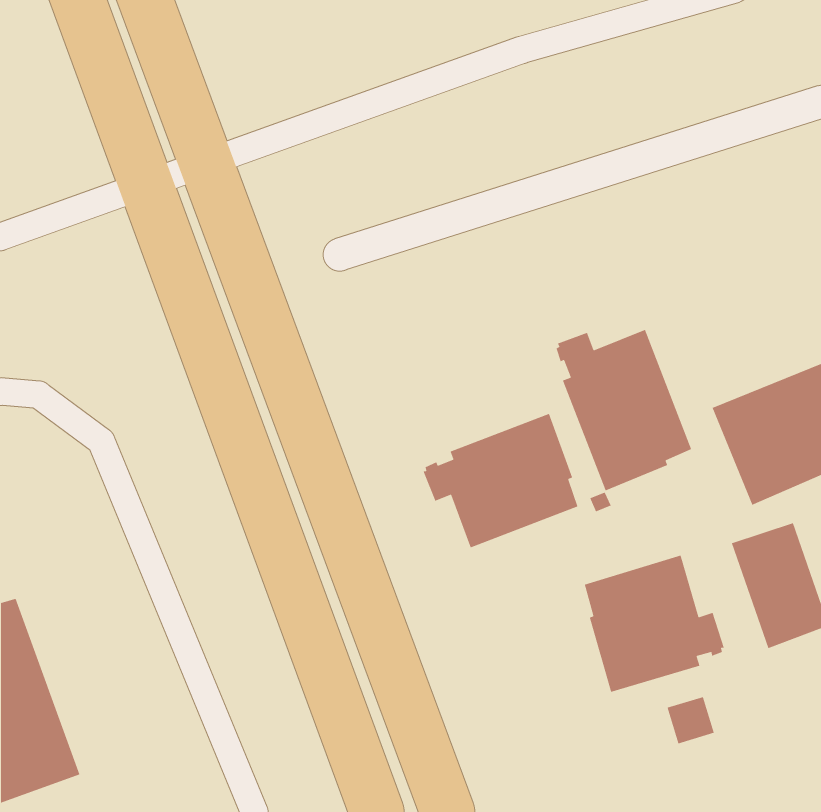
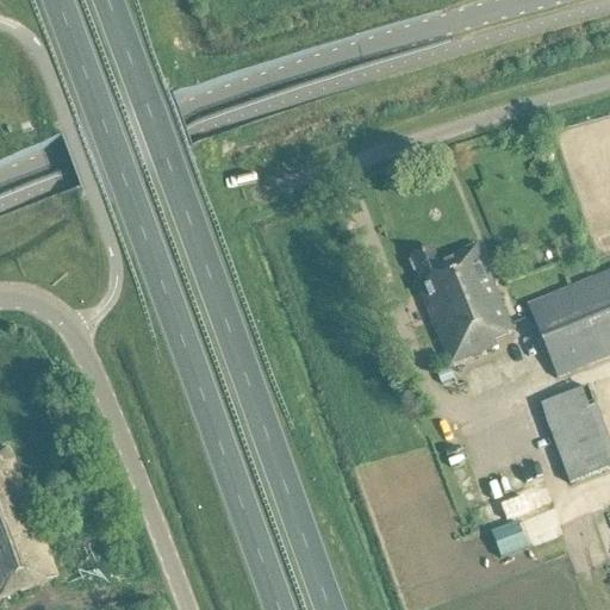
building: [422,413,578,549] -> none
building: [584,555,725,693] -> none

